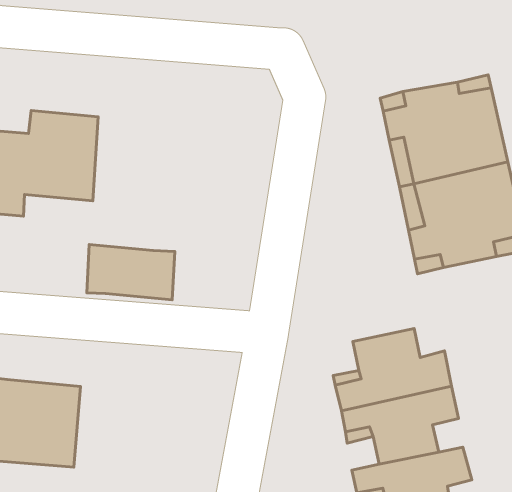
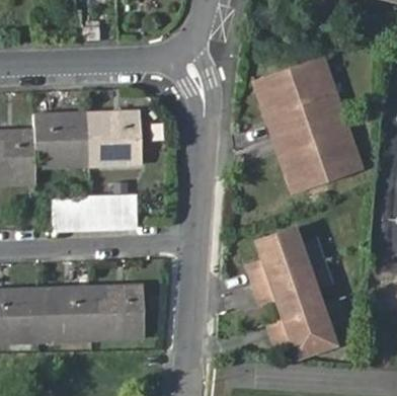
building: none -> [75,111,140,168]
building: none -> [51,196,81,229]
building: none -> [84,287,143,341]

